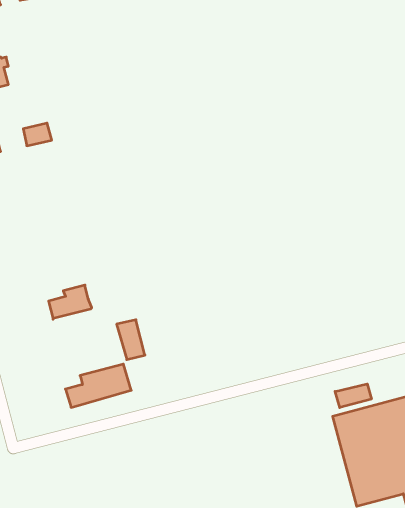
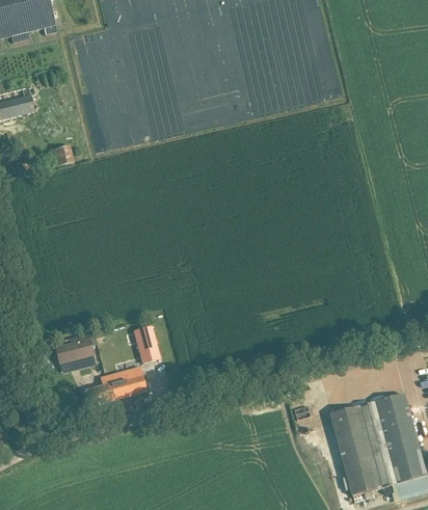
building: [49,285,92,319] -> [54,332,93,364]
building: [335,384,371,408] -> none

